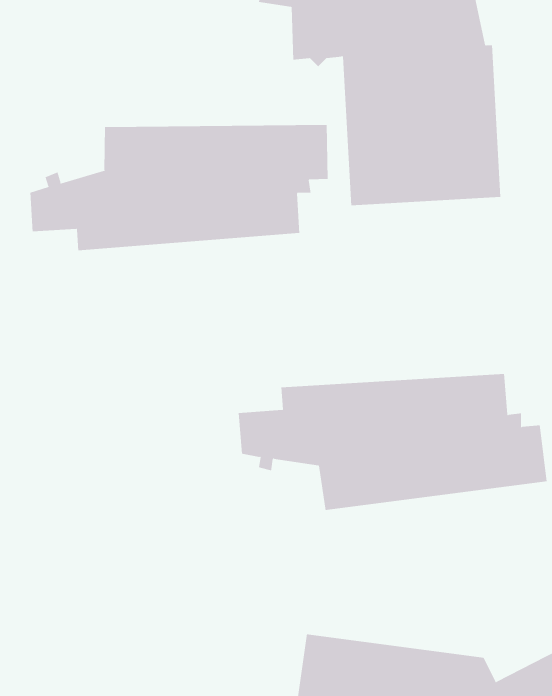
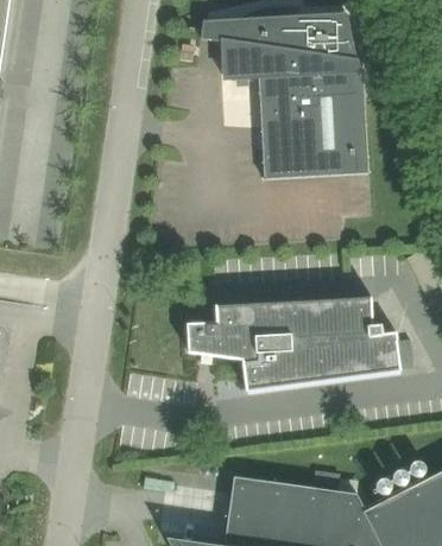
building: [30,124,328,251] -> none

